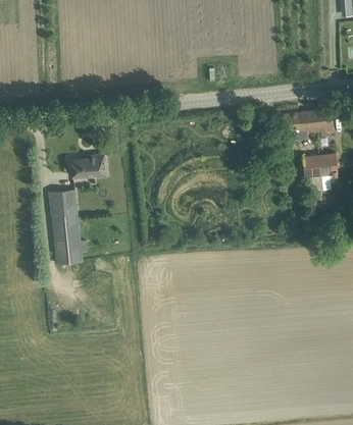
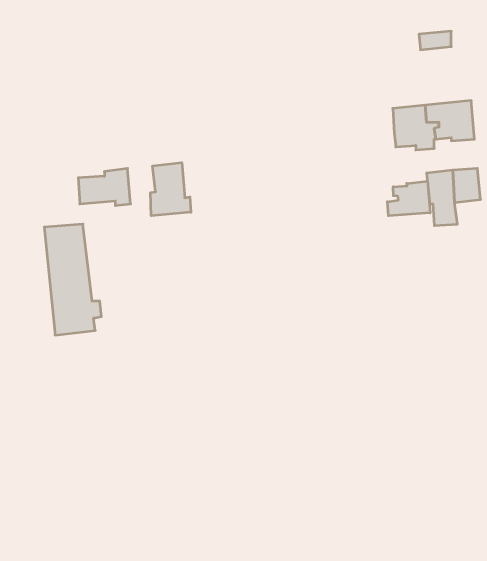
building: none -> [151,163,191,216]
building: none -> [387,181,430,216]

